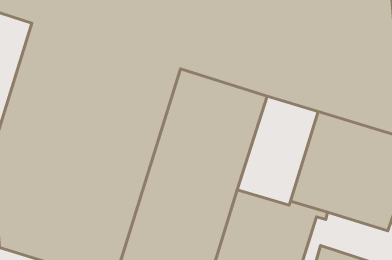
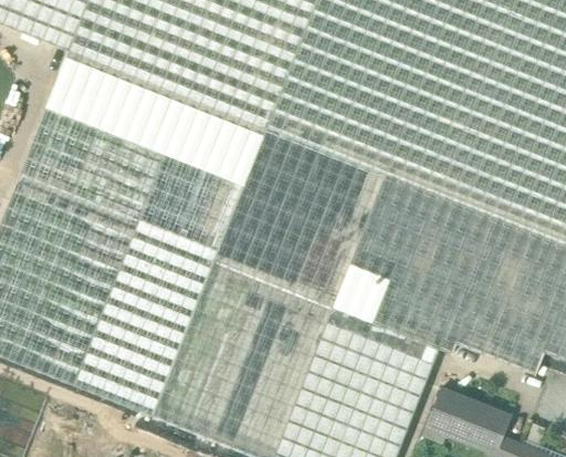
building: none -> [333,176,452,329]

